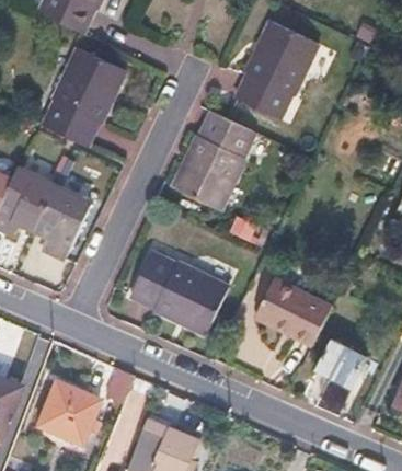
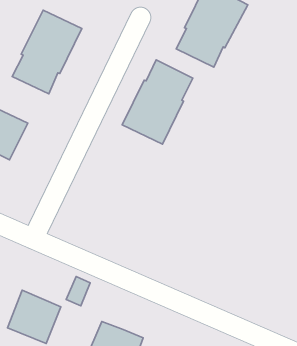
building: [37,184,94,257] -> none
building: [128,251,228,334] -> none
building: [256,279,332,348] -> none
building: [317,341,367,389] -> none

